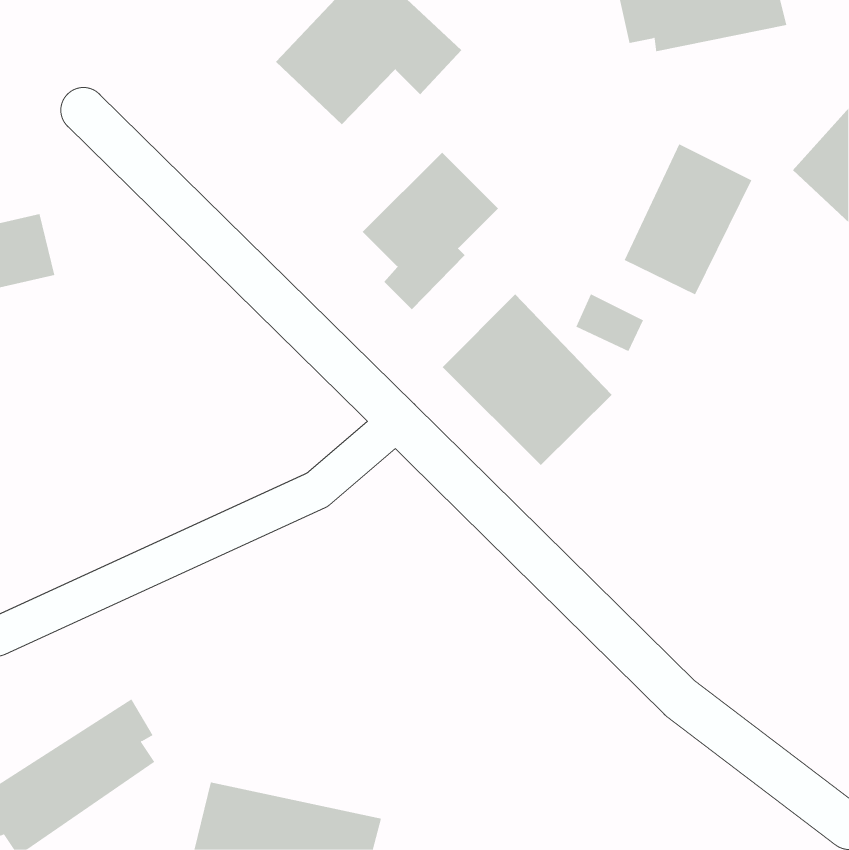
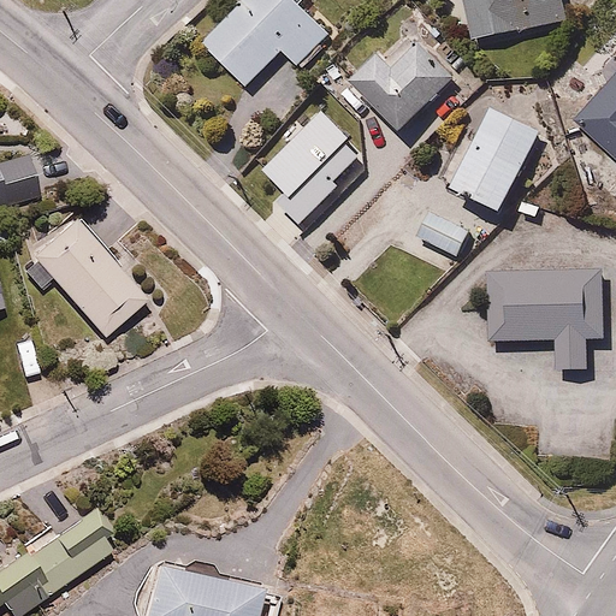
building: none -> [340,41,451,129]
building: [442,293,613,466] -> none
building: none -> [30,214,148,336]
building: none -> [486,266,603,367]

